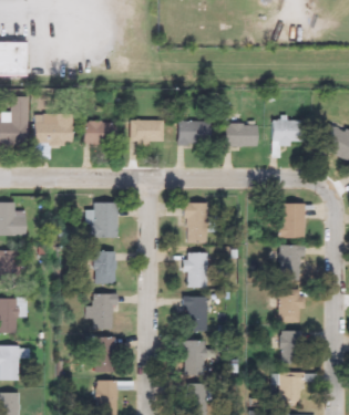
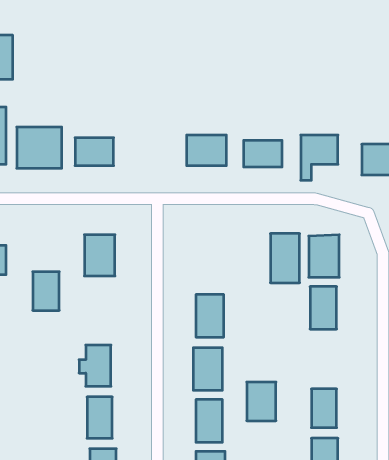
building: [130,121,163,145] -> none
building: [184,204,208,245] -> [270,234,300,283]
building: [93,252,115,284] -> [33,272,59,310]
building: [278,291,302,323] -> [247,382,276,421]

